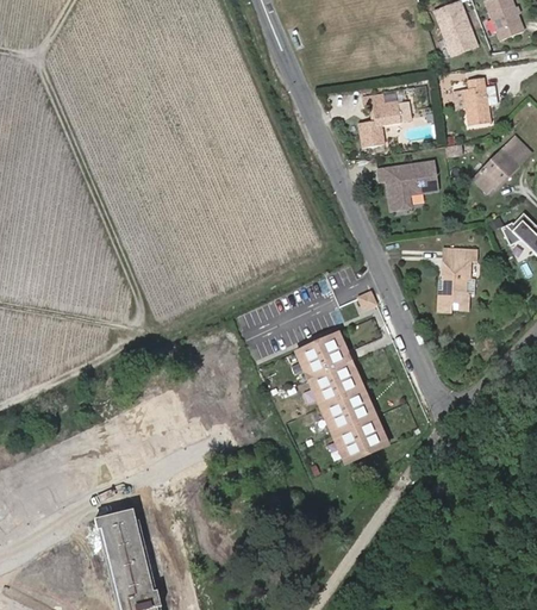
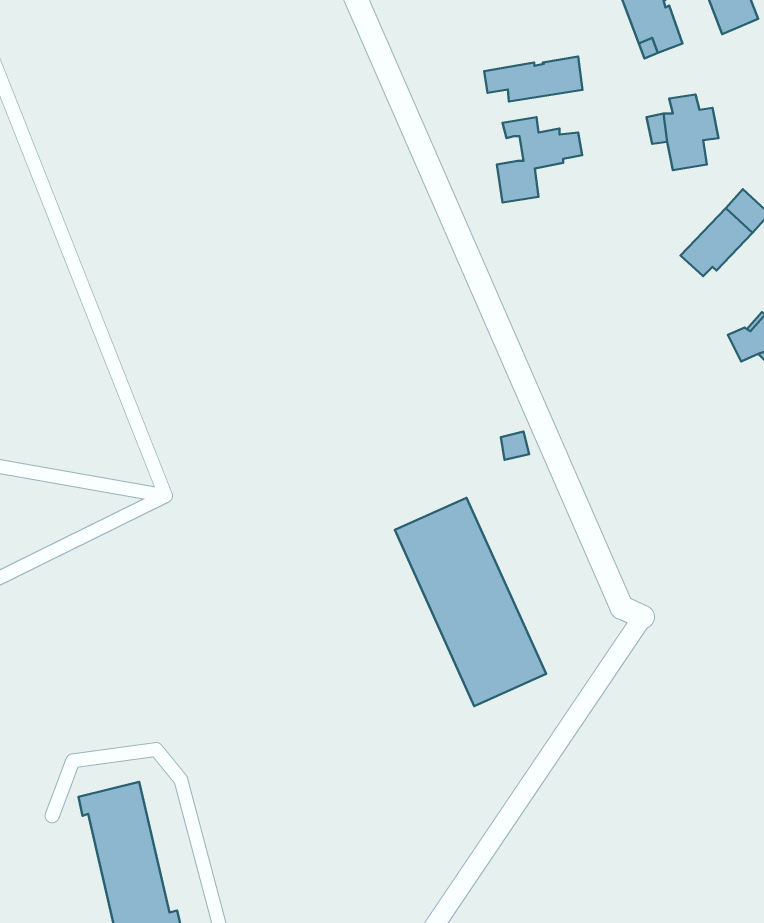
building: none -> [484,56,582,101]
building: [375,160,435,207] -> none
building: [438,249,477,312] -> none

